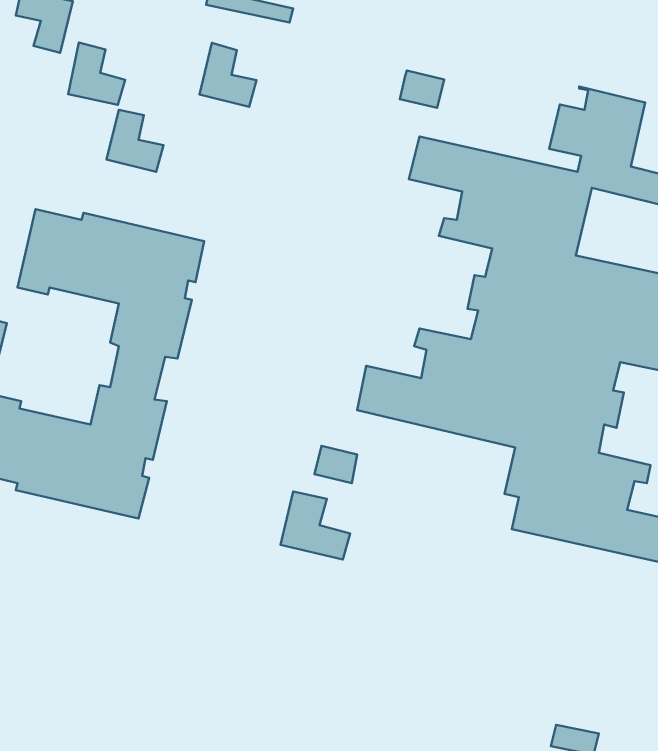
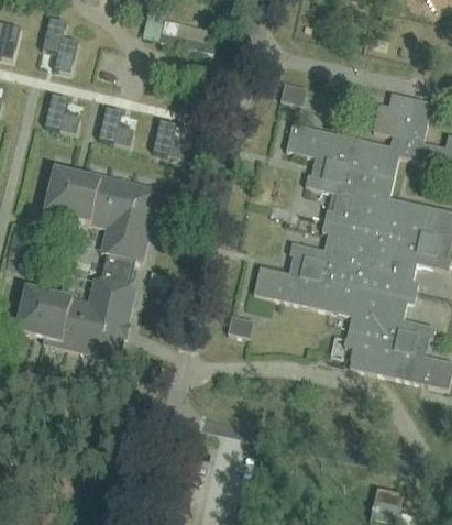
building: [68,42,125,105] -> [44,94,79,132]
building: [199,43,256,107] -> [152,119,187,158]
building: [281,491,350,560] -> none

